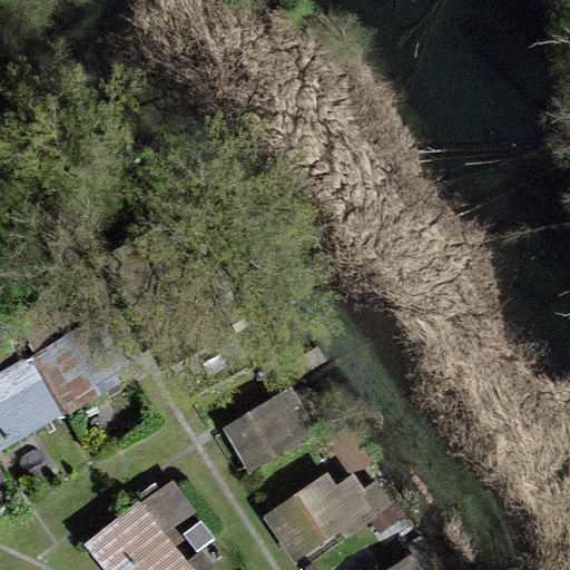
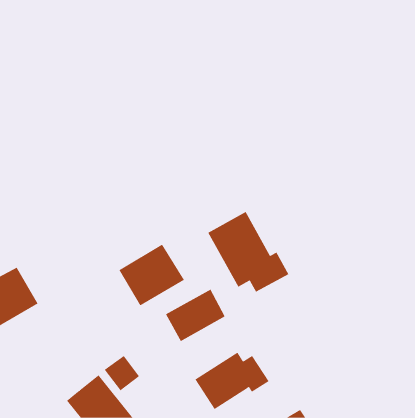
building: none -> [207,211,289,293]
building: [33,324,124,409] -> [119,244,185,306]

